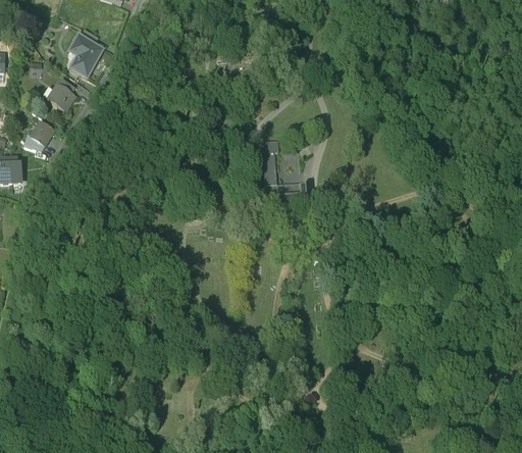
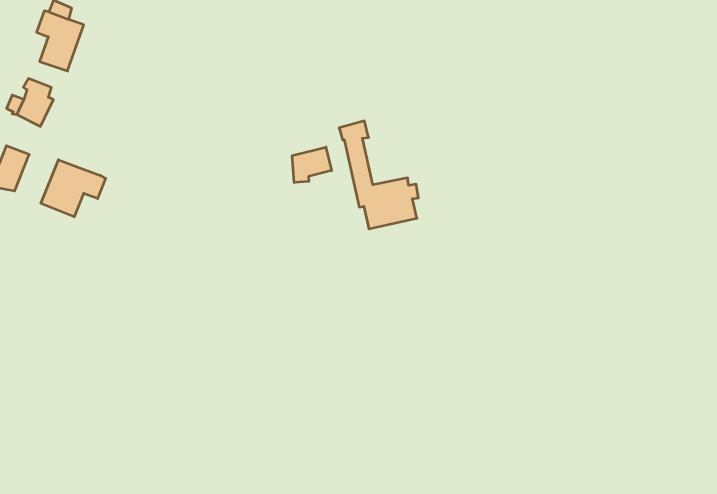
building: none -> [41,160,106,217]
building: none -> [292,147,332,183]

